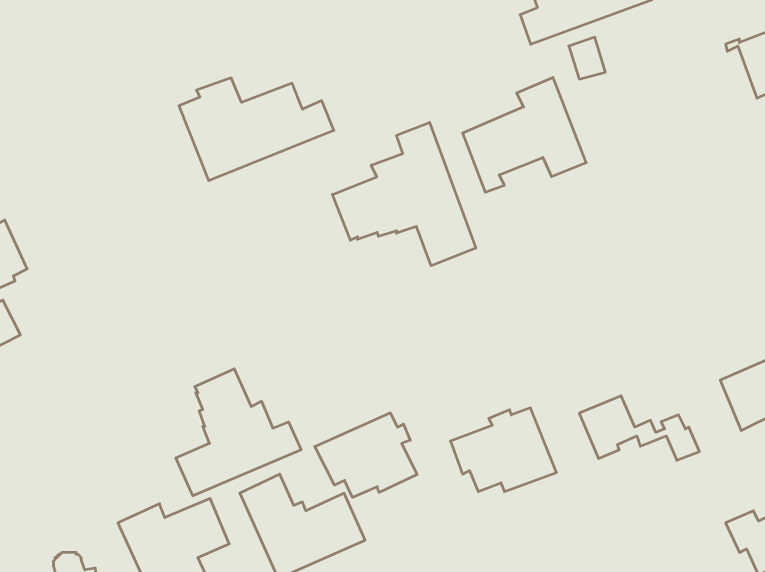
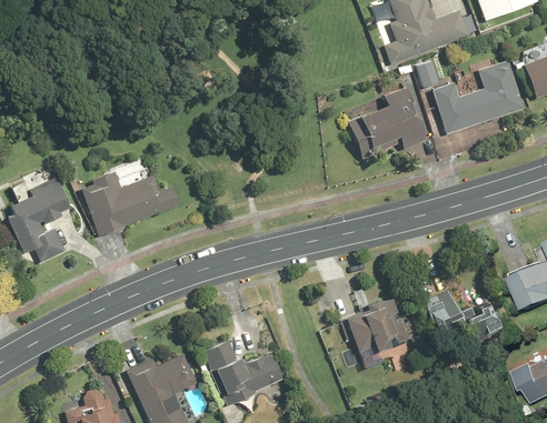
building: none -> [431,59,525,134]
building: [179,78,334,181] -> [80,171,179,236]
building: [332,122,476,266] -> none
building: [176,369,301,496] -> none
building: [315,413,417,497] -> none

